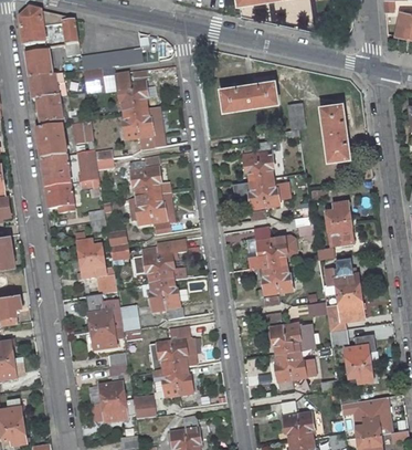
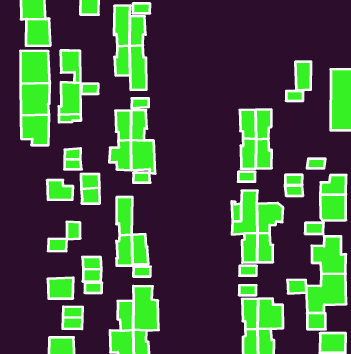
building: [220,81,278,111] -> none
building: [156,239,187,282] -> none
building: [81,258,106,280] -> none
building: [88,311,114,333] -> none

